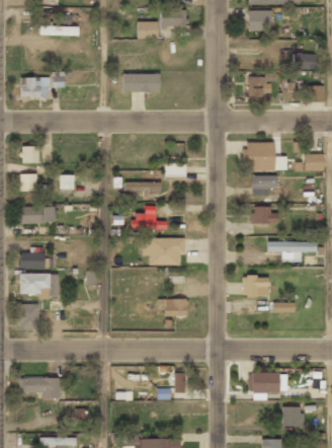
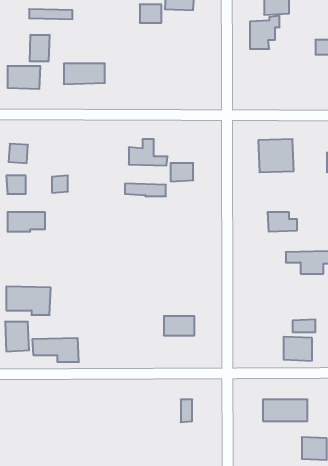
building: none -> [30,35,49,61]
building: [249,72,275,101] -> [250,16,280,49]
building: [123,74,160,92] -> [64,64,105,84]
building: [252,175,277,196] -> none
building: [134,206,168,229] -> [129,139,168,166]
building: [144,237,185,266] -> none
building: [20,252,46,268] -> none
building: [244,276,269,297] -> [284,337,312,361]
building: [19,377,61,398] -> [32,338,79,362]

